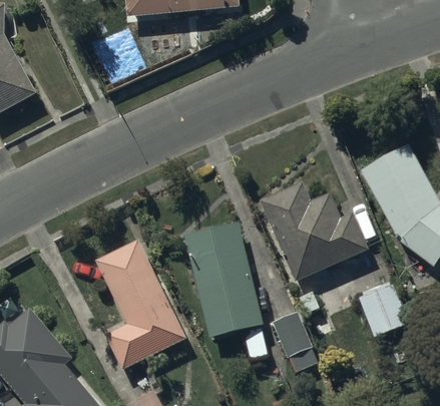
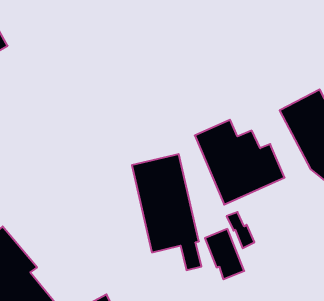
building: [95,241,185,370] -> none
building: [358,283,409,337] -> none

